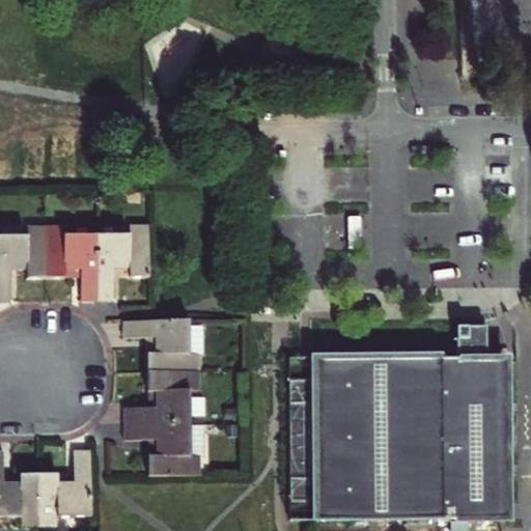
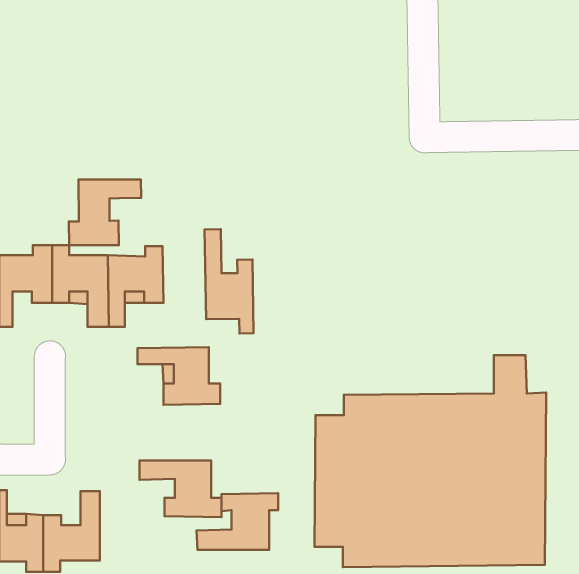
building: none -> [69,180,141,245]
building: none -> [205,229,254,333]
building: [127,369,201,421] -> [196,493,278,550]

